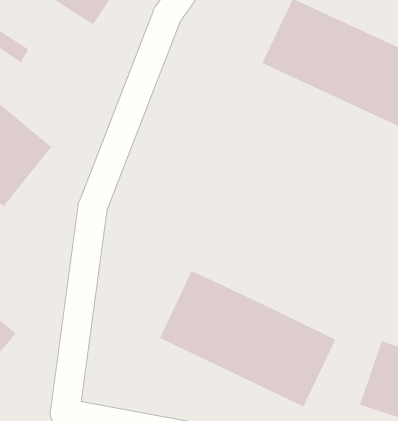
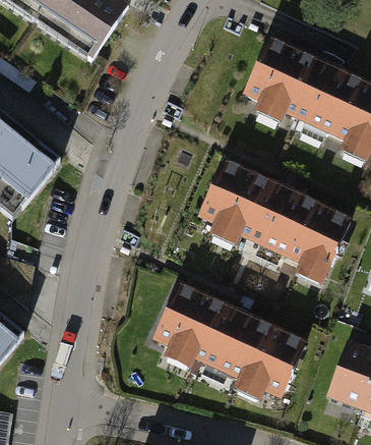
building: none -> [198,160,353,275]

